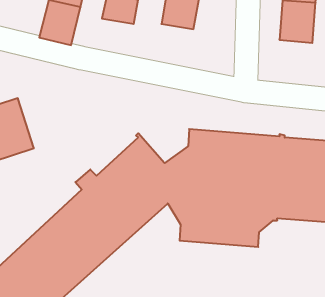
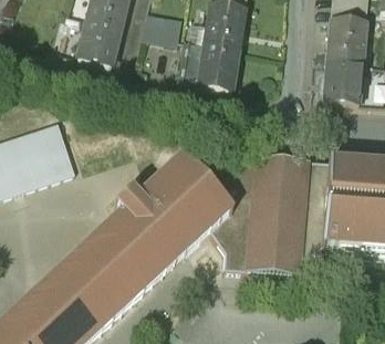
building: none -> [184,41,238,91]
building: none -> [324,61,362,105]

